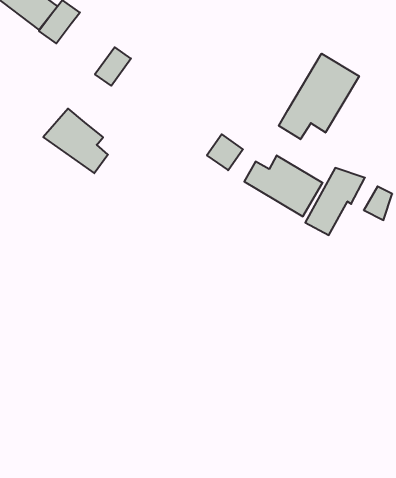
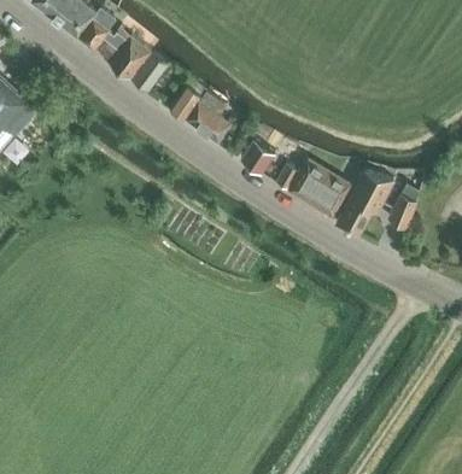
building: none -> [99,25,151,76]
building: [279,54,359,139] -> none
building: [43,109,108,173] -> [169,78,232,141]

